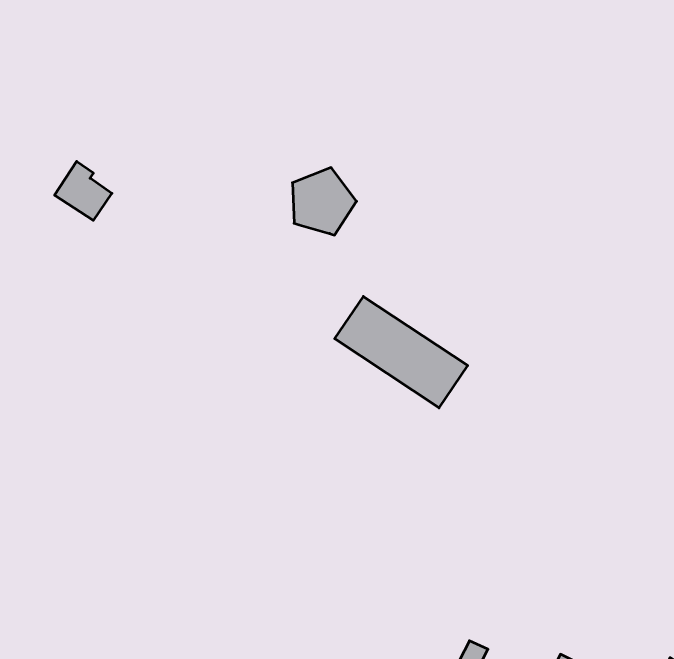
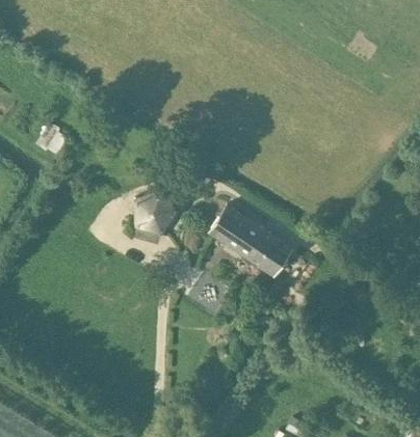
building: [292,168,357,235] -> [135,191,175,233]

